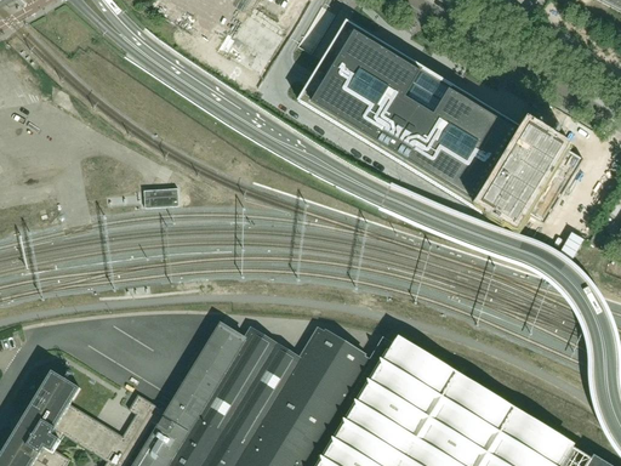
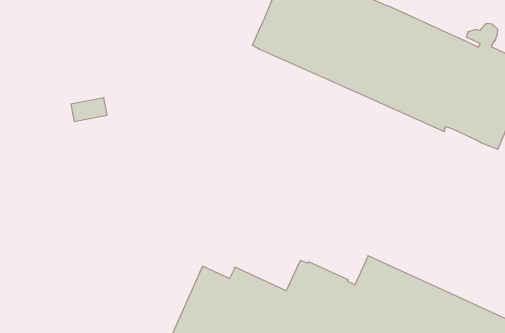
building: [143,187,178,208] -> [71,98,107,122]

